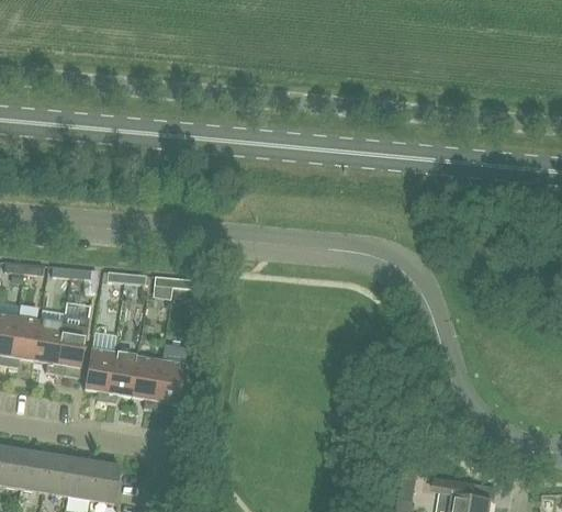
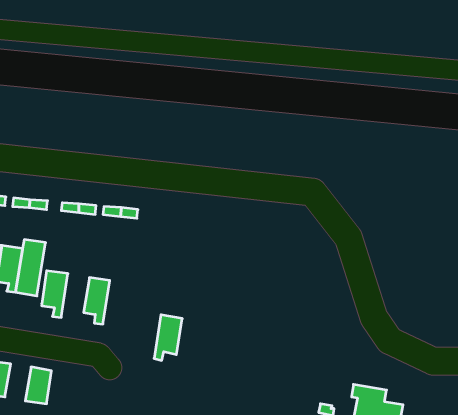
building: [105,350,137,402] -> none
building: [153,358,184,410] -> [154,315,182,360]
building: [42,453,71,494] -> none
building: [89,460,119,502] -> none

